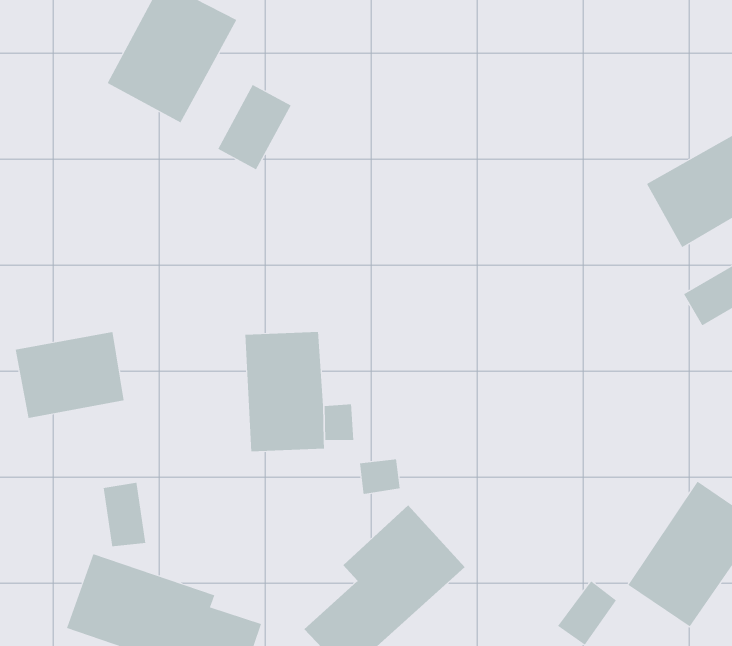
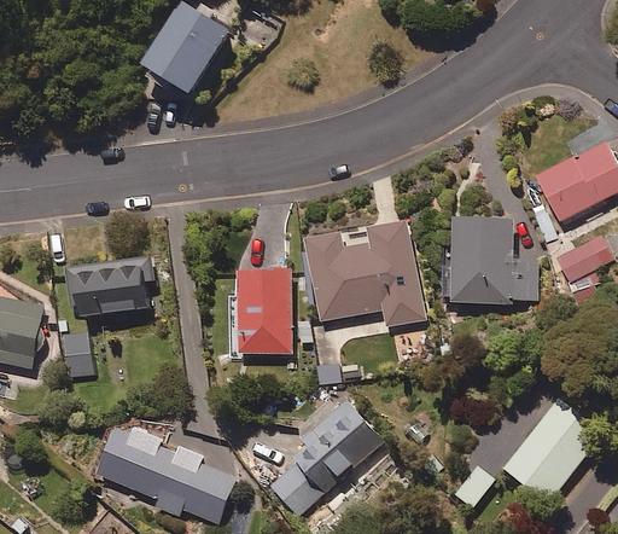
building: [218,84,291,170] -> none
building: none -> [442,214,537,303]
building: none -> [305,221,422,327]
building: [103,482,146,547] -> [63,333,92,379]

